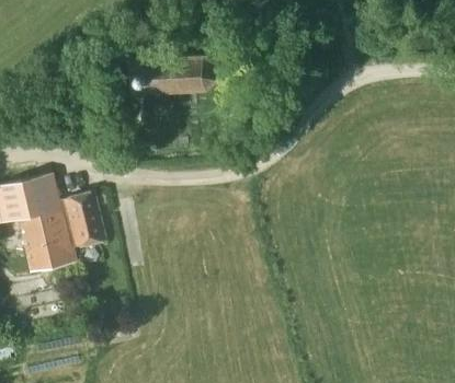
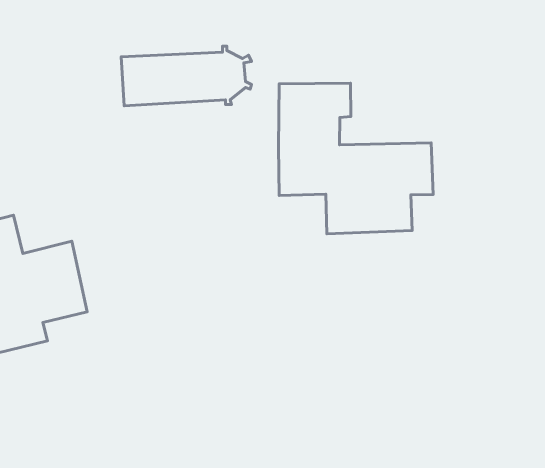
building: none -> [278,83,433,234]

